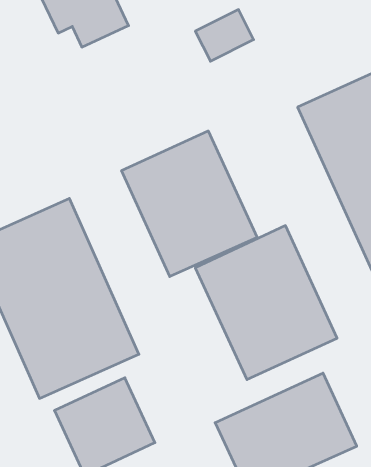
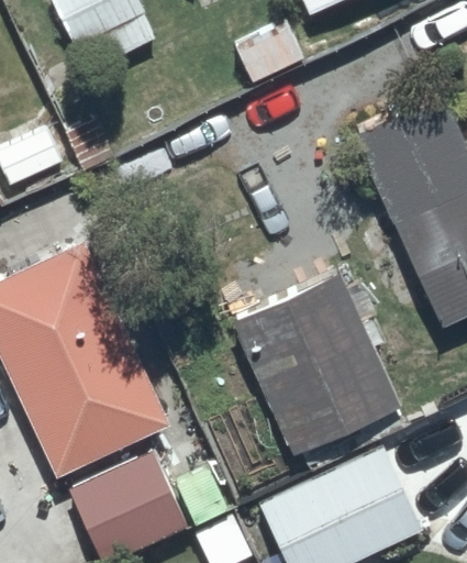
building: [122,131,257,277] -> none

